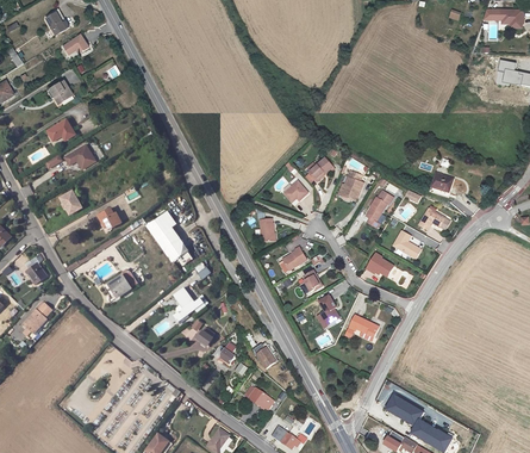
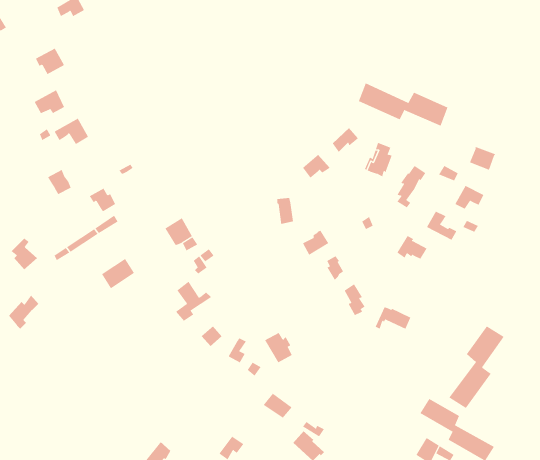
building: none -> [358,82,448,126]
building: [148,211,176,244] -> none
building: none -> [449,325,504,409]

